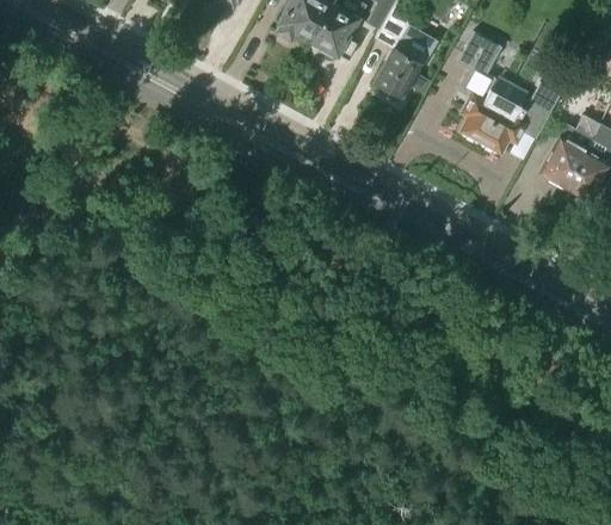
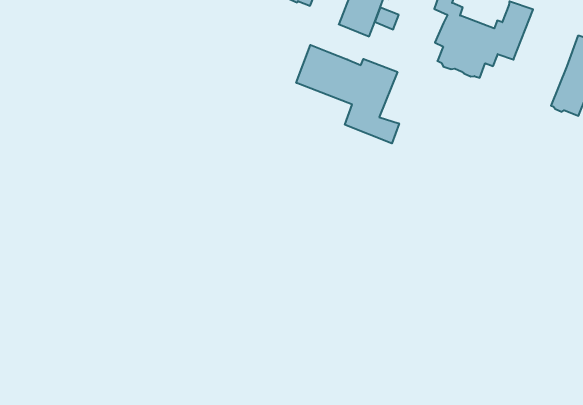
building: none -> [296,45,399,143]
building: [541,115,600,189] -> none

